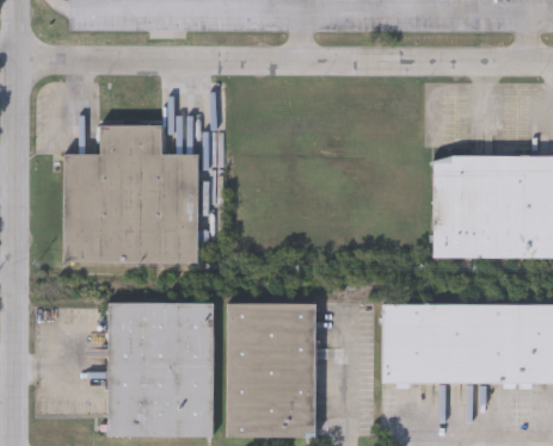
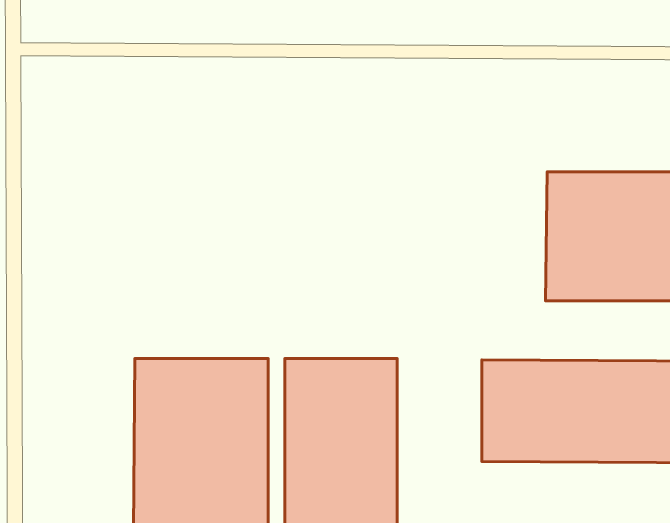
building: [63,124,197,262] -> none

